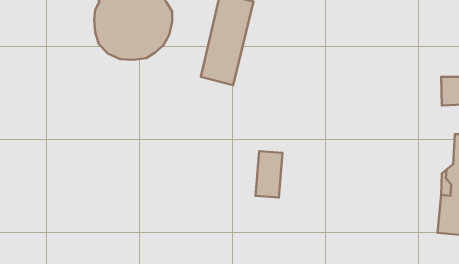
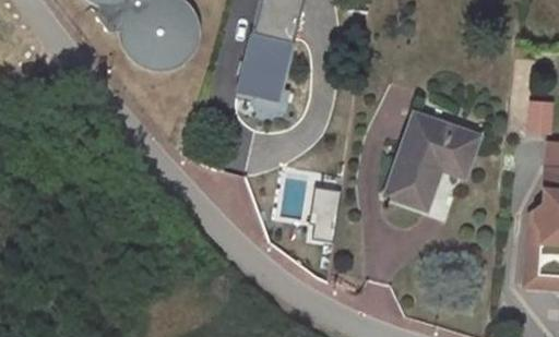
building: none -> [393,110,475,209]

